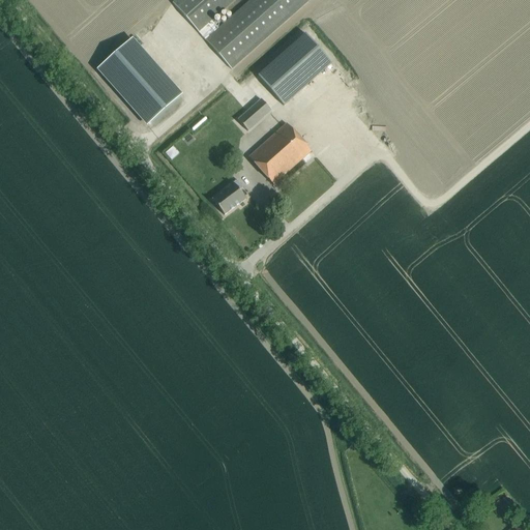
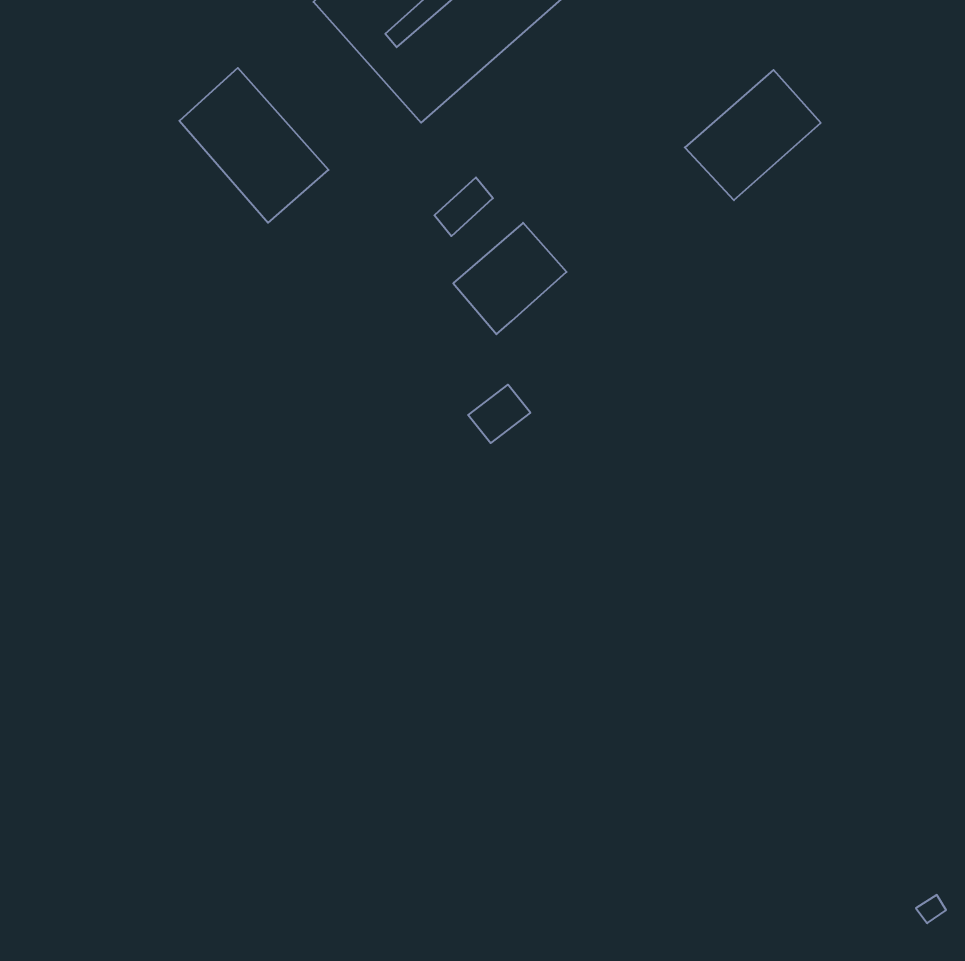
building: [257,32,331,104] -> [685,70,821,200]
building: [211,181,245,213] -> [468,385,530,443]

